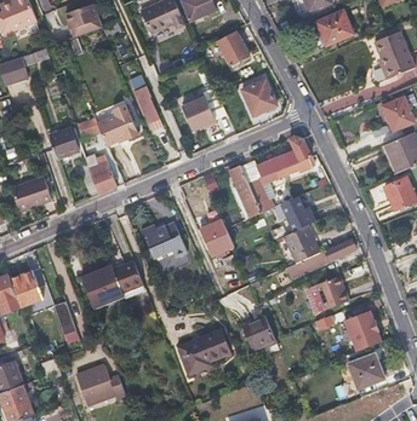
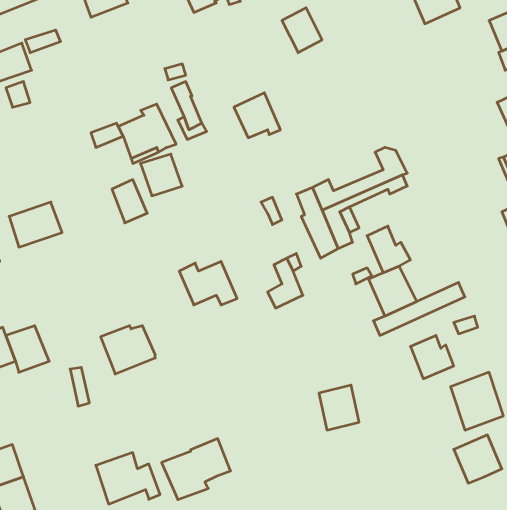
building: [242,79,278,115] -> none
building: [48,128,80,160] -> [140,154,182,196]
building: [113,263,143,298] -> none
building: [177,329,229,375] -> [162,439,231,500]

